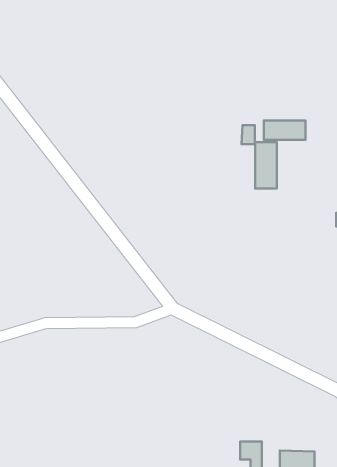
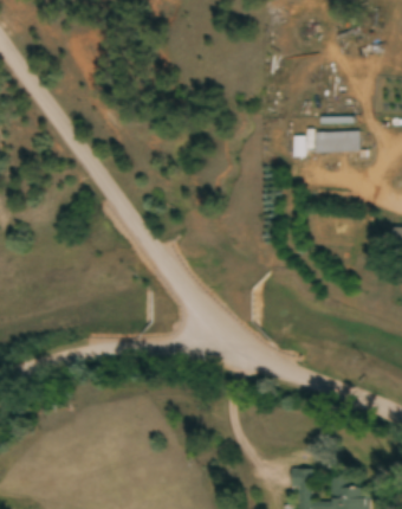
building: [255,142,277,188] -> none

